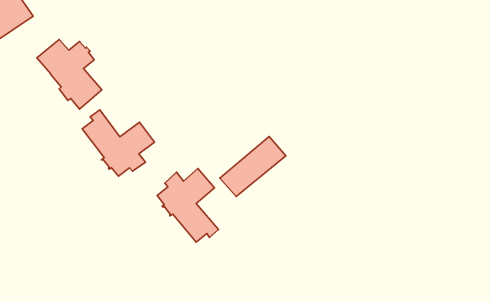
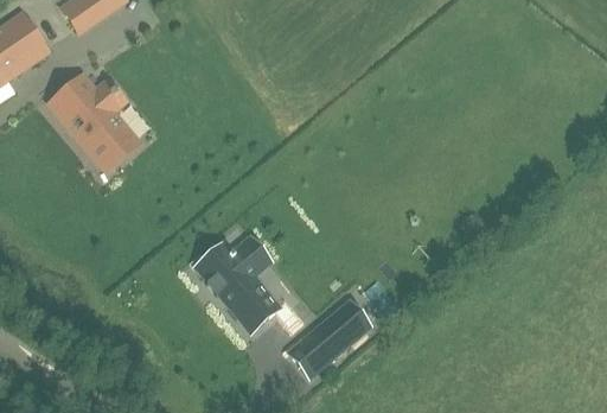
building: [82,110,154,176] -> none
building: [220,136,286,197] -> [288,303,369,376]

